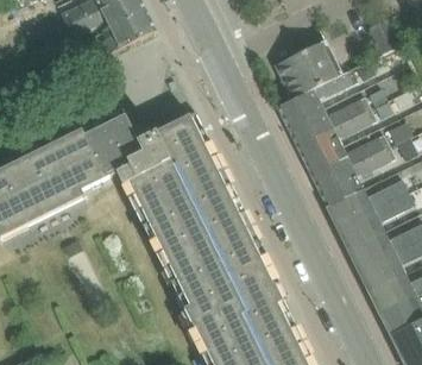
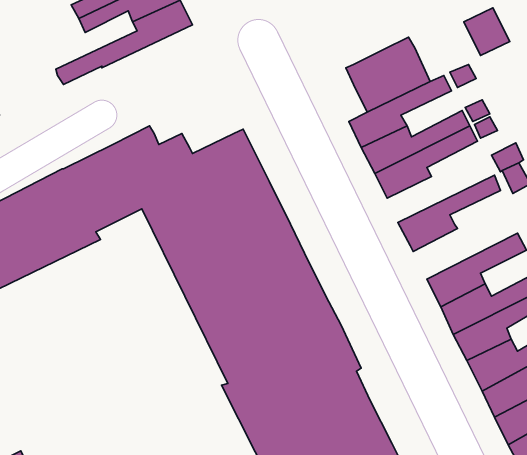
building: [306,136,389,184] -> none
building: [326,181,407,228] -> none

